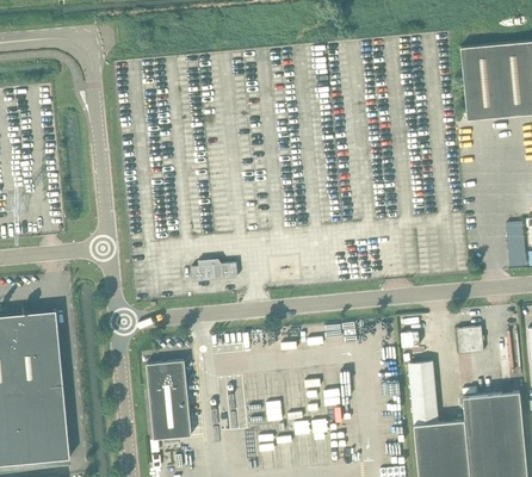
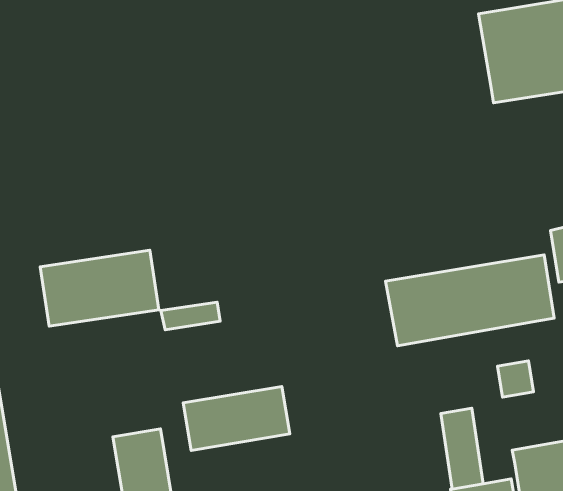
building: none -> [40,250,159,326]
building: none -> [386,255,554,346]
building: none -> [183,386,290,450]

